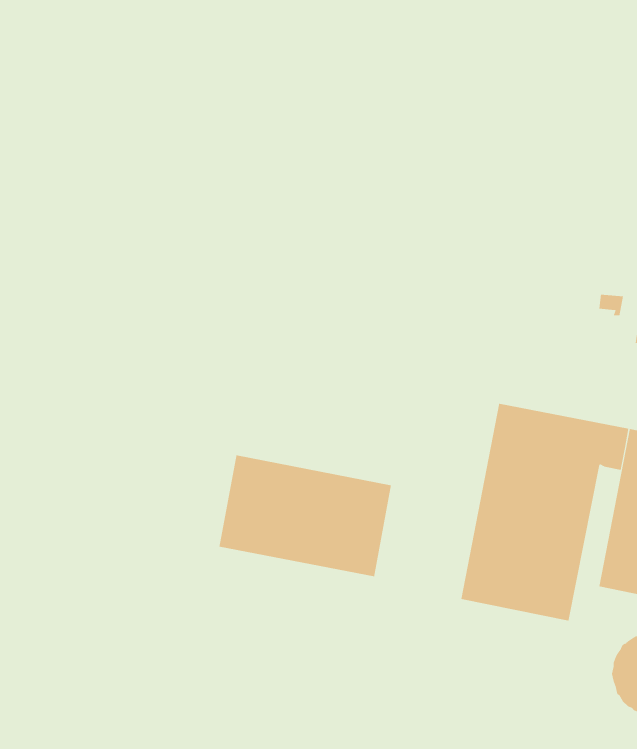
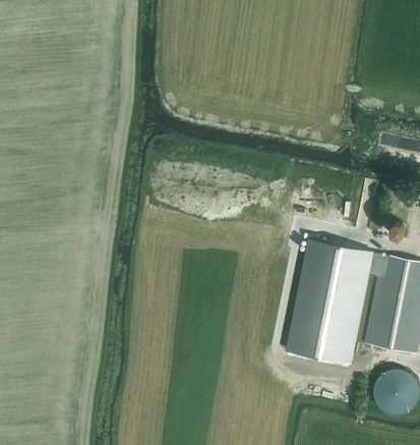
building: [219,455,392,577] -> none

